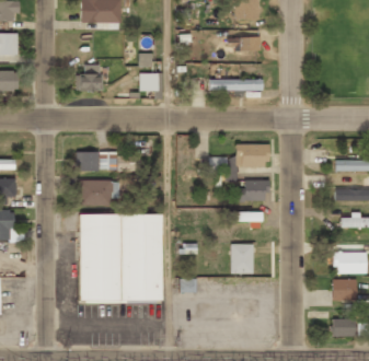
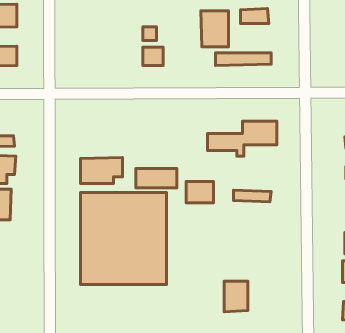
building: none -> [201,11,228,47]
building: [76,65,102,91] -> none
building: [78,151,117,170] -> [136,169,177,188]
building: [242,179,268,200] -> [186,181,213,203]
building: [231,244,254,273] -> [224,281,248,312]

